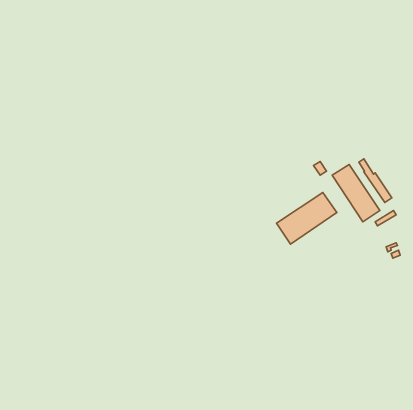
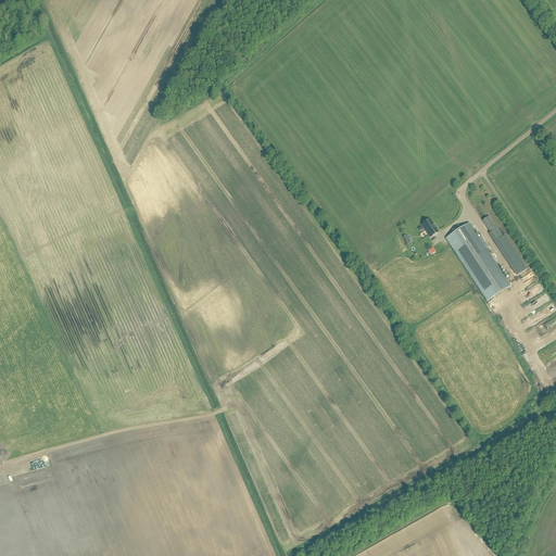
building: [277,192,337,244] -> none

